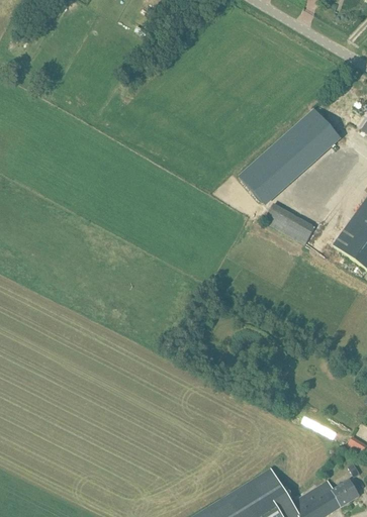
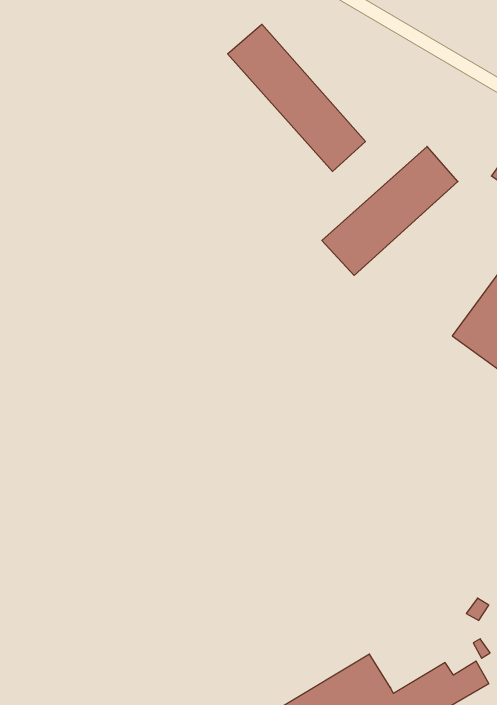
building: none -> [228,24,365,171]
building: [265,202,315,243] -> none

